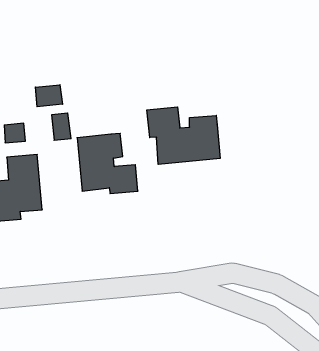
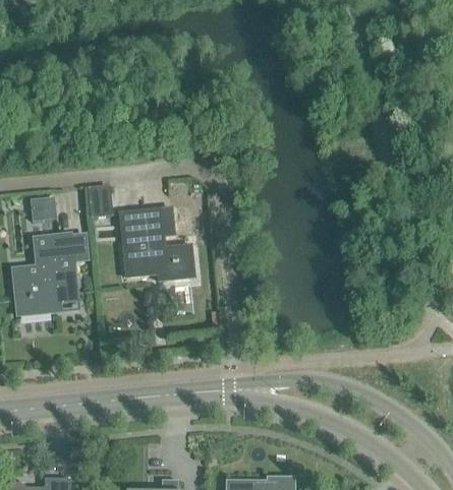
building: [35,85,63,107] -> none
building: [147,107,220,164] -> none

